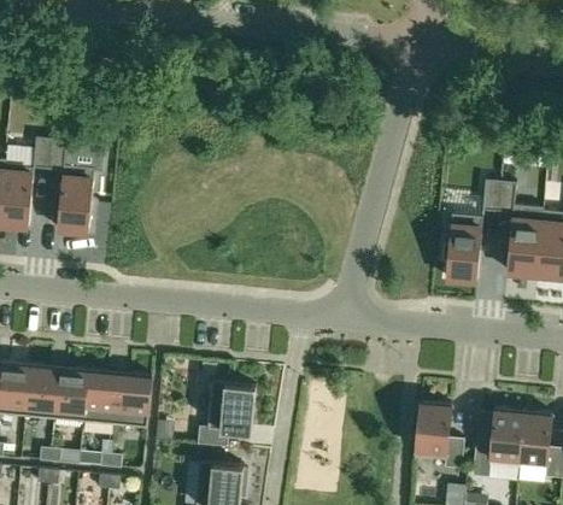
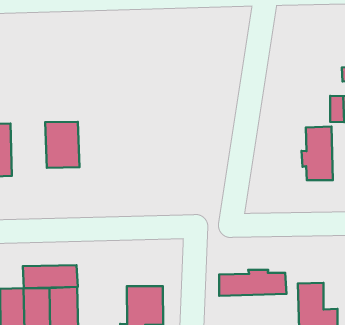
building: none -> [45,122,79,168]
building: none -> [23,265,78,288]
building: none -> [219,270,287,296]

